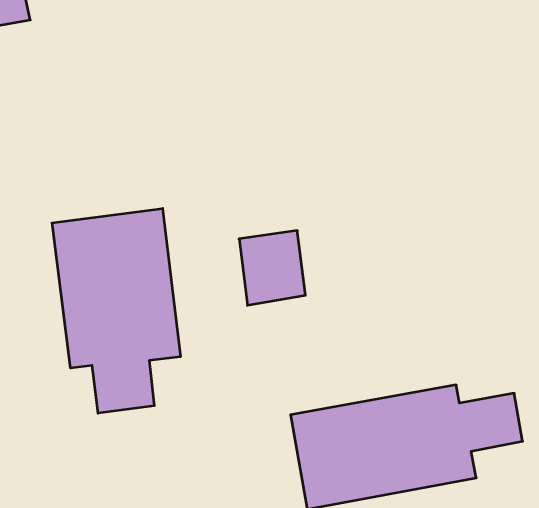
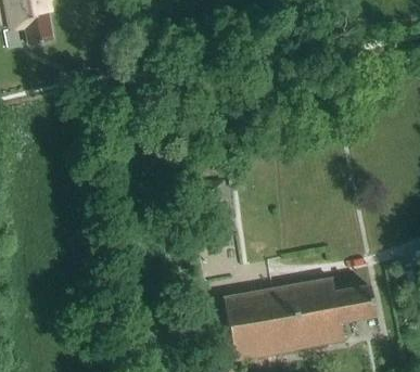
building: [52,208,180,413] -> none

